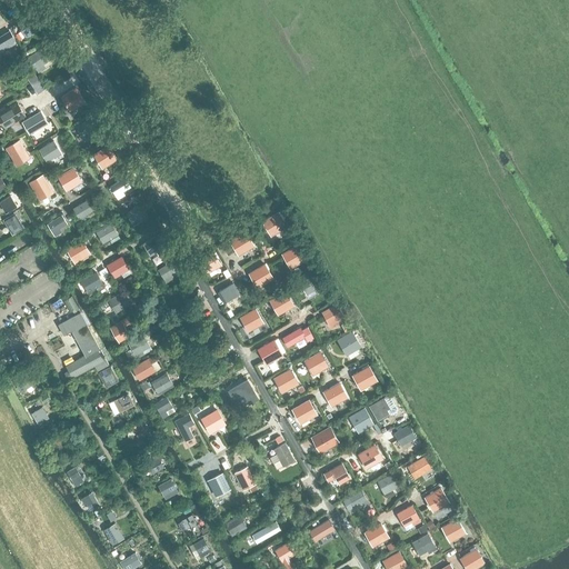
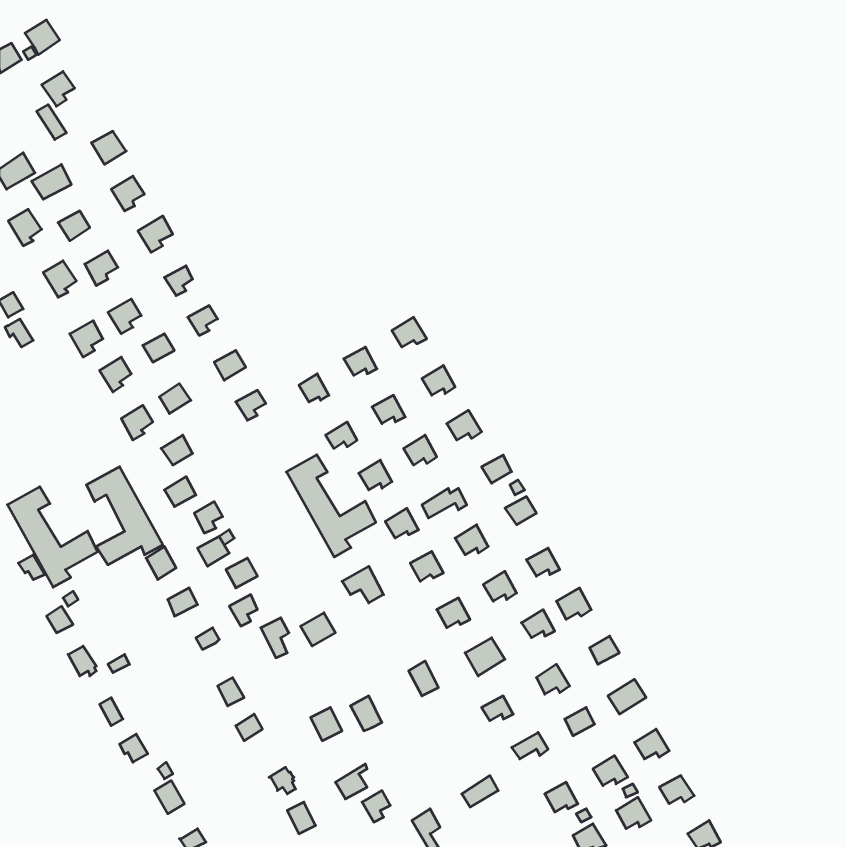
building: none -> [286,455,376,557]
building: none -> [7,487,98,587]

